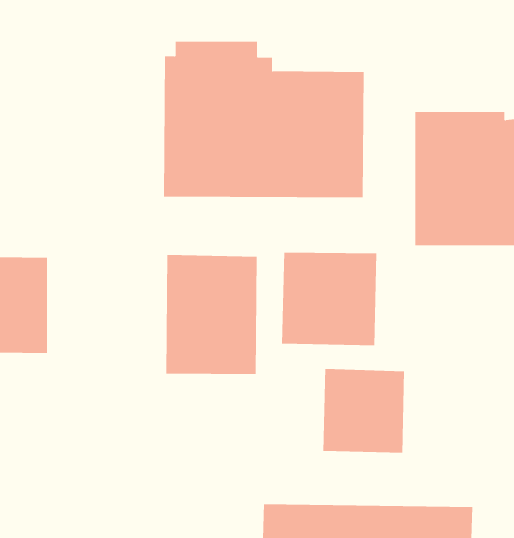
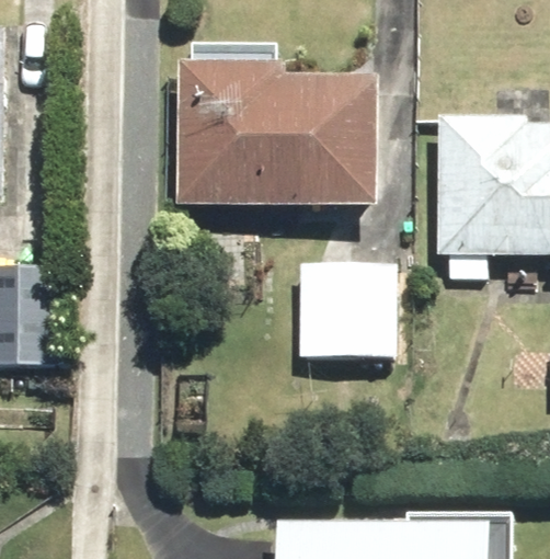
building: [166,254,257,375] -> none
building: [323,368,405,453] -> none

